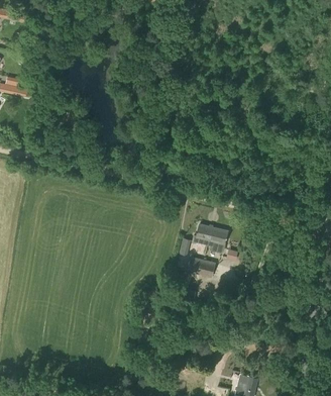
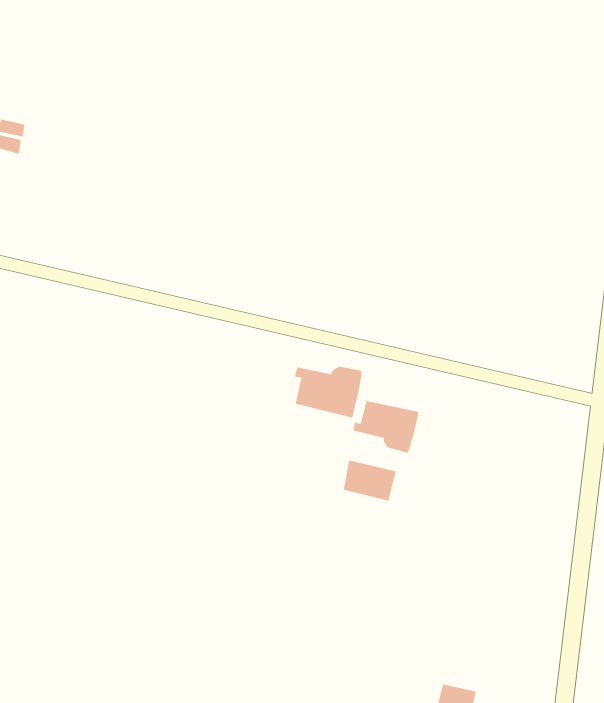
building: none -> [294,366,362,419]

